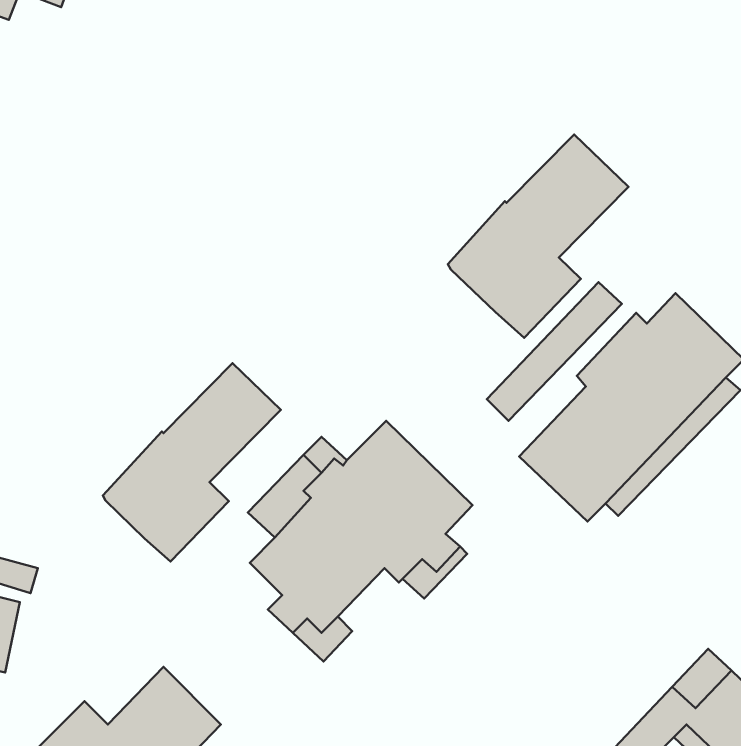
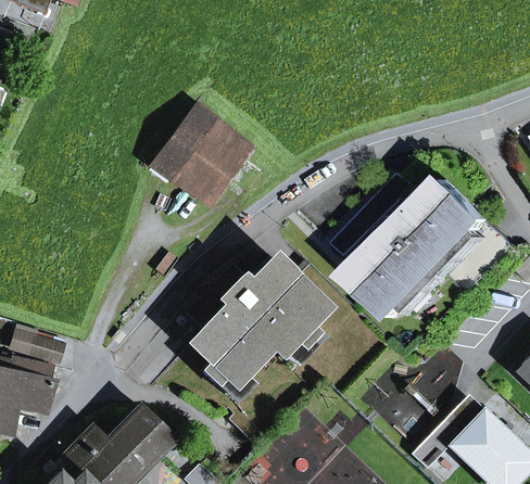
building: [448,135,628,338] -> none
building: none -> [152,103,250,203]
building: [103,363,281,561] -> none

